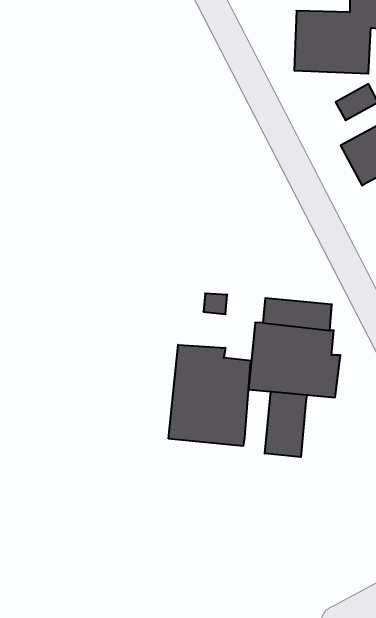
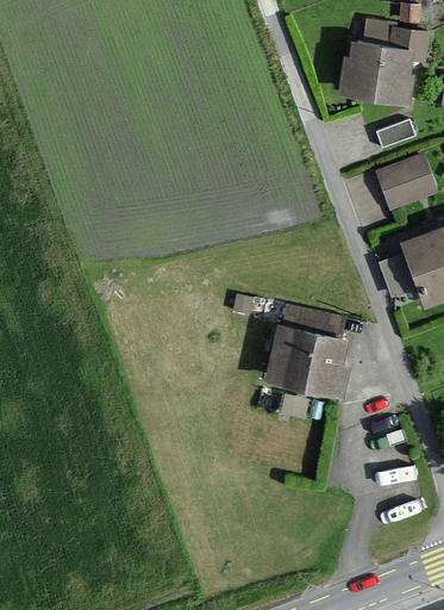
building: [169,345,251,446] -> none
building: [265,391,307,457] -> none

